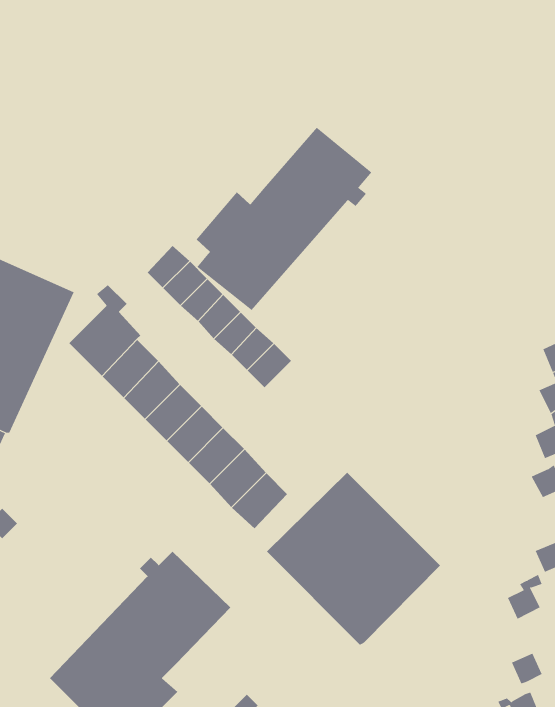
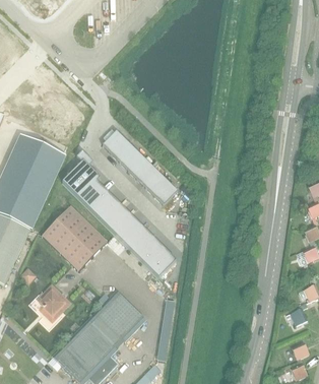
building: [196,127,372,311] -> none
building: none -> [42,205,107,271]
building: [266,472,441,645] -> none
building: none -> [39,283,71,321]

